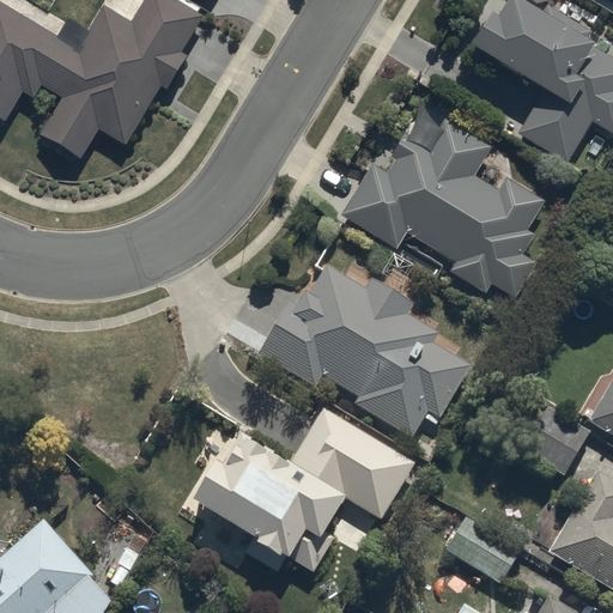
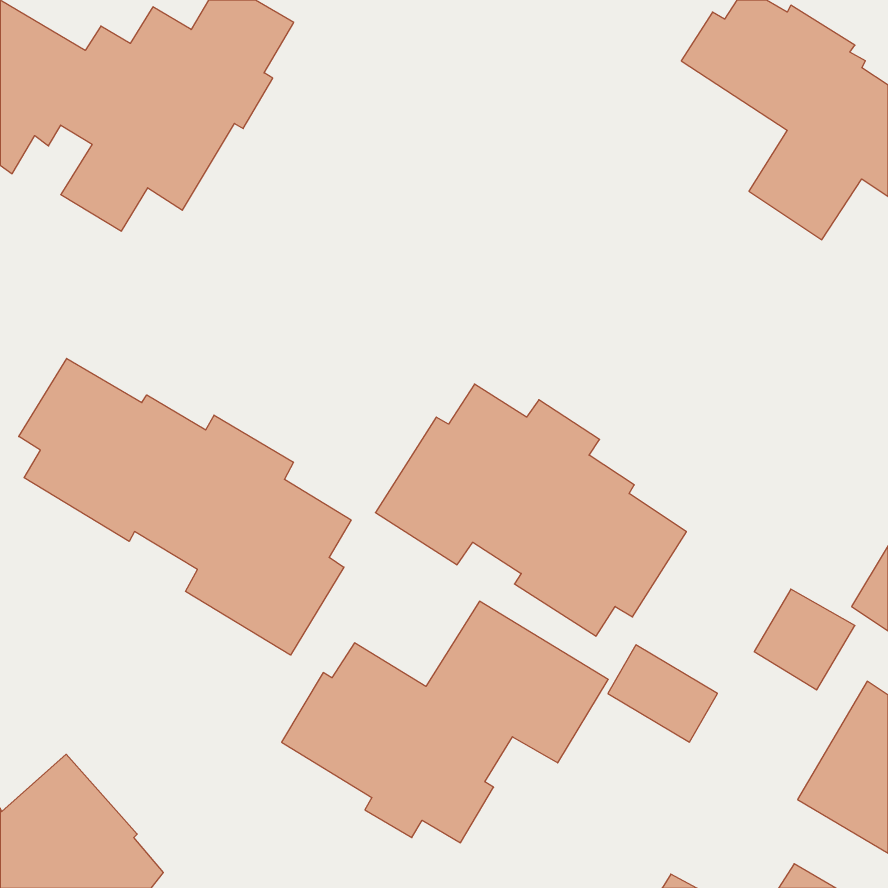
building: [339,119,542,296] -> none
building: none -> [19,358,351,655]
building: [444,516,520,583] -> [608,645,717,742]

